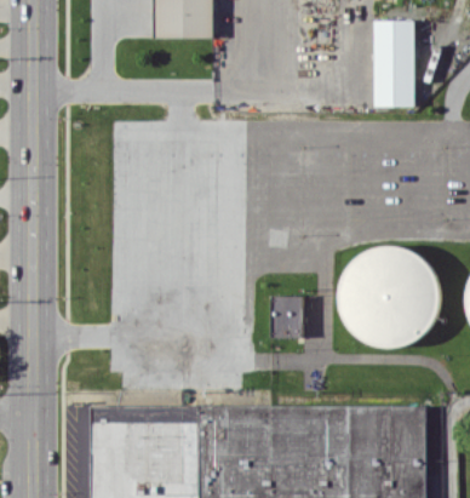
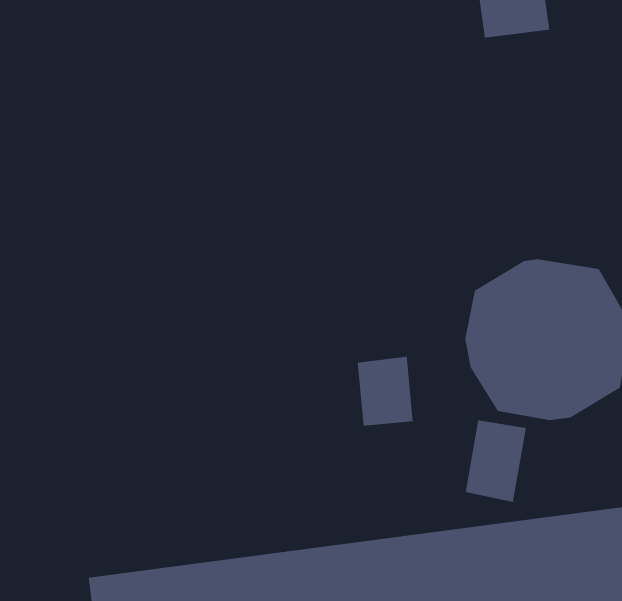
building: none -> [465,420,527,503]

